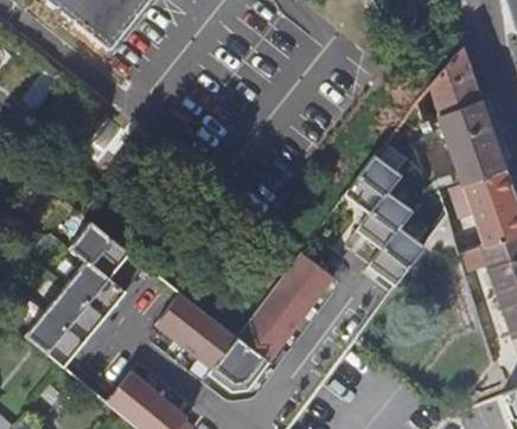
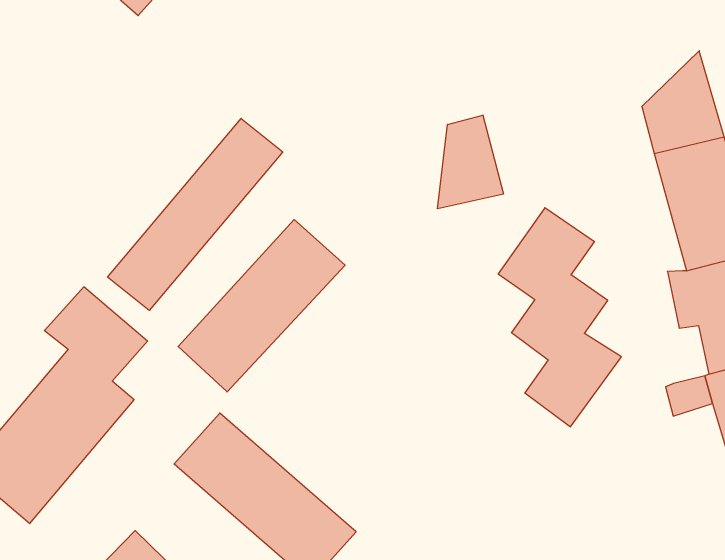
building: none -> [438,115,504,209]
building: none -> [108,118,283,310]
building: [238,250,338,359] -> [178,220,345,392]

